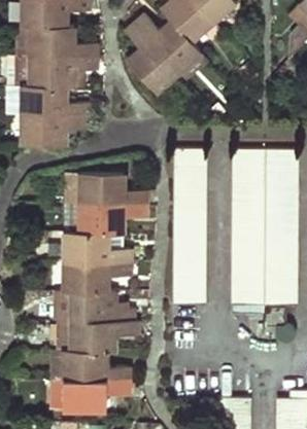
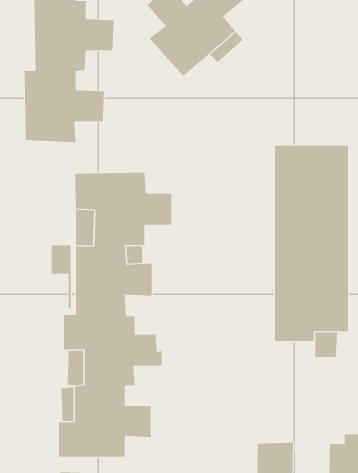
building: [171,149,204,306] -> none

